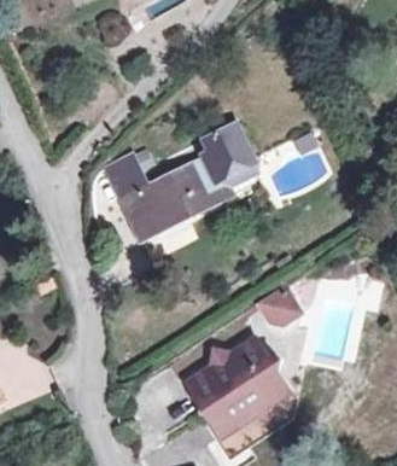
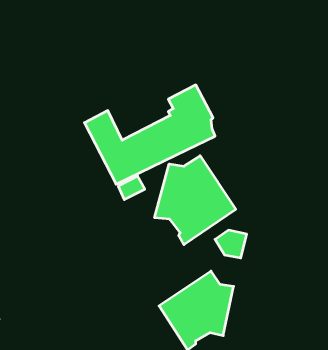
building: none -> [155,156,236,245]

